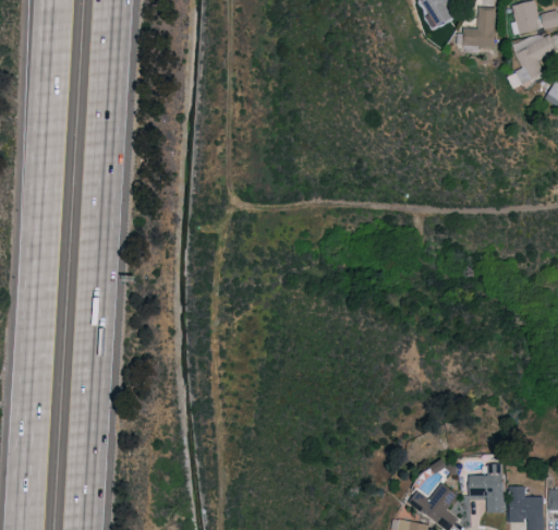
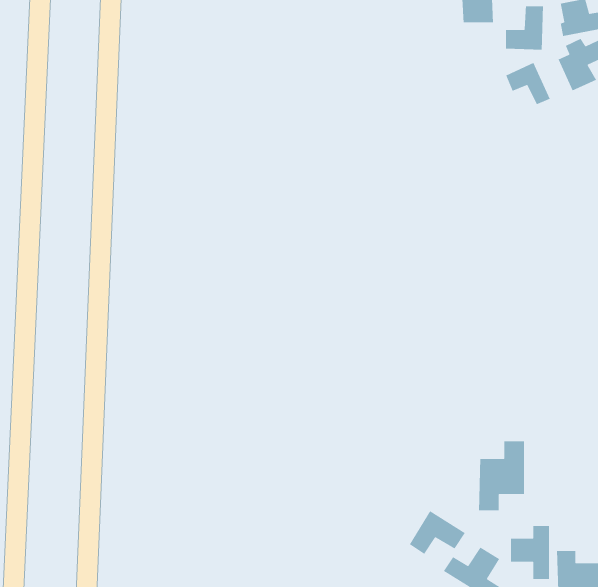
building: none -> [505,62,551,105]
building: none -> [478,440,525,511]
building: none -> [409,510,466,555]

